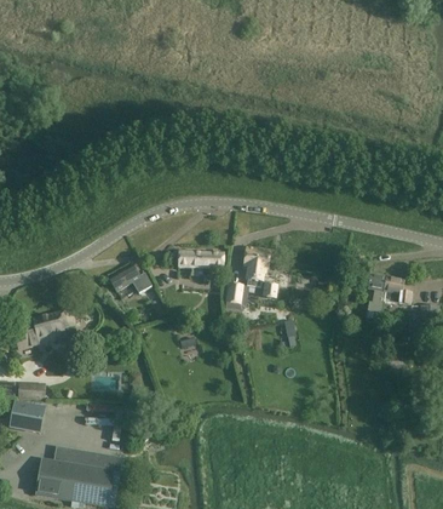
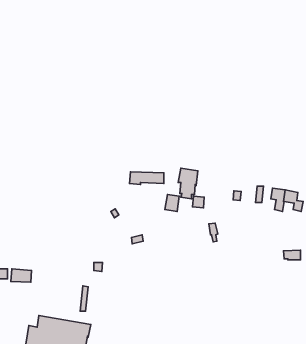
building: [109,265,151,298] -> none
building: [15,309,75,349] -> none
building: [10,402,42,431] -> none

